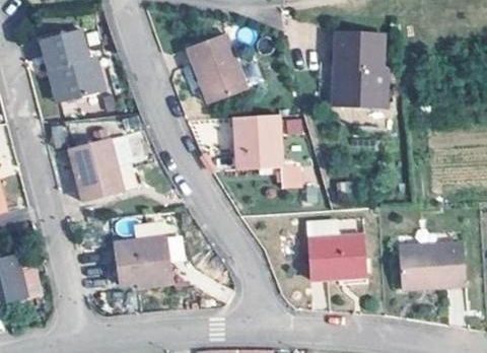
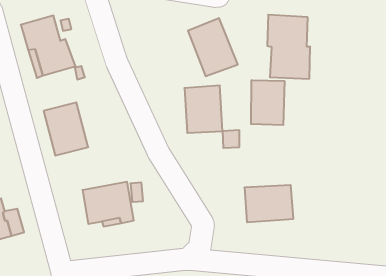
building: [187,31,247,101] -> [188,18,238,76]
building: none -> [251,80,284,125]
building: [398,241,466,287] -> none

